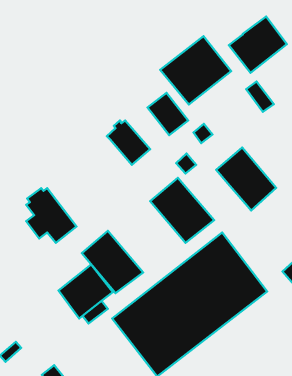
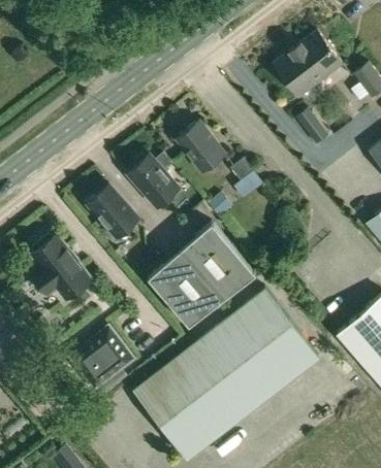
building: [160,36,231,104] -> none
building: none -> [88,186,139,238]
building: [216,148,276,210] -> none
building: [82,231,143,293] -> [149,250,222,325]

